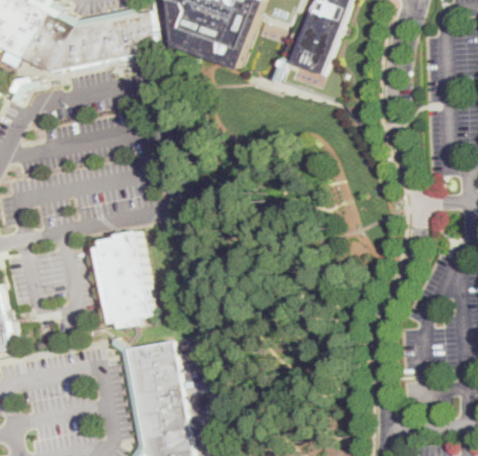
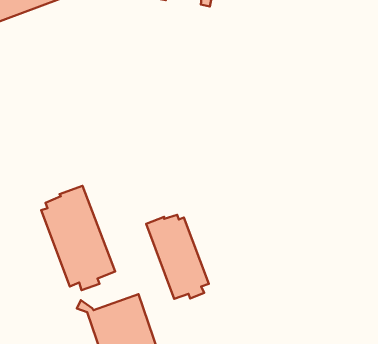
building: none -> [146,215,209,299]

